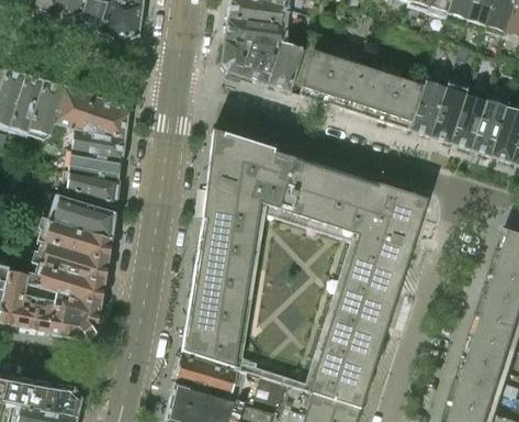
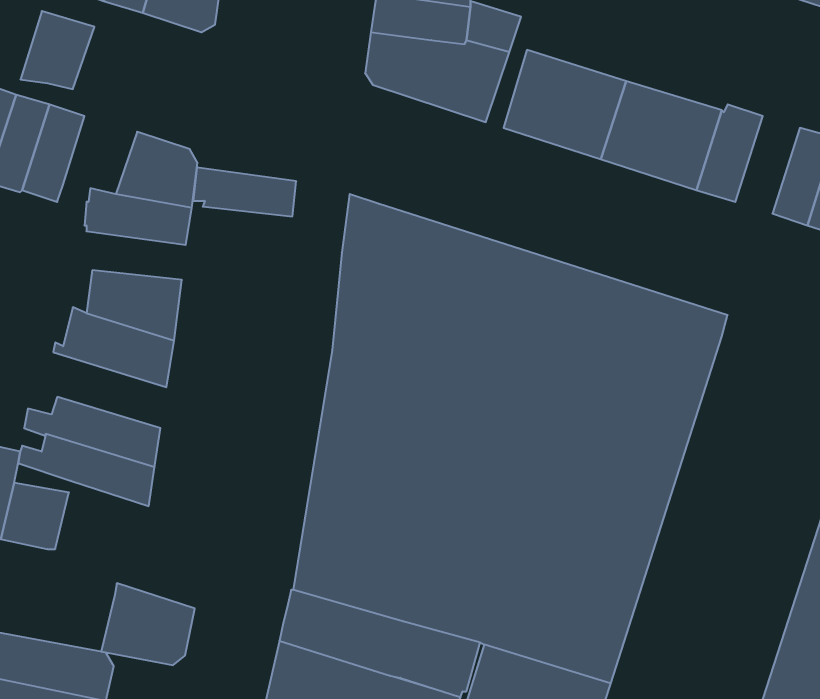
building: [52,87,93,131] -> [20,11,94,89]
building: [430,87,466,142] -> none
building: [63,152,121,179] -> [193,168,296,216]
building: [34,216,110,263] -> none
building: [47,292,100,338] -> [101,583,195,665]

